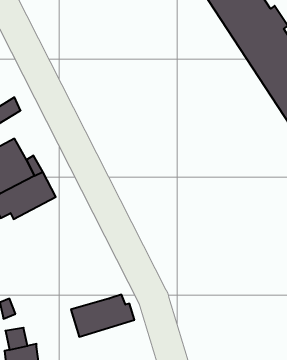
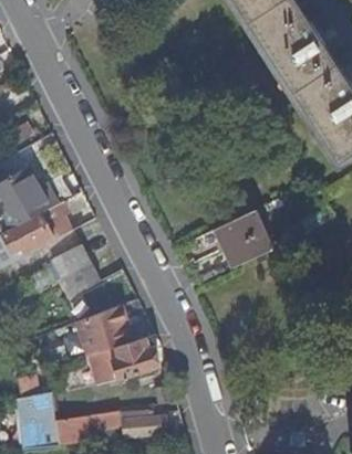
building: none -> [214,212,270,268]
building: none -> [52,245,100,296]
building: none -> [77,307,132,357]

